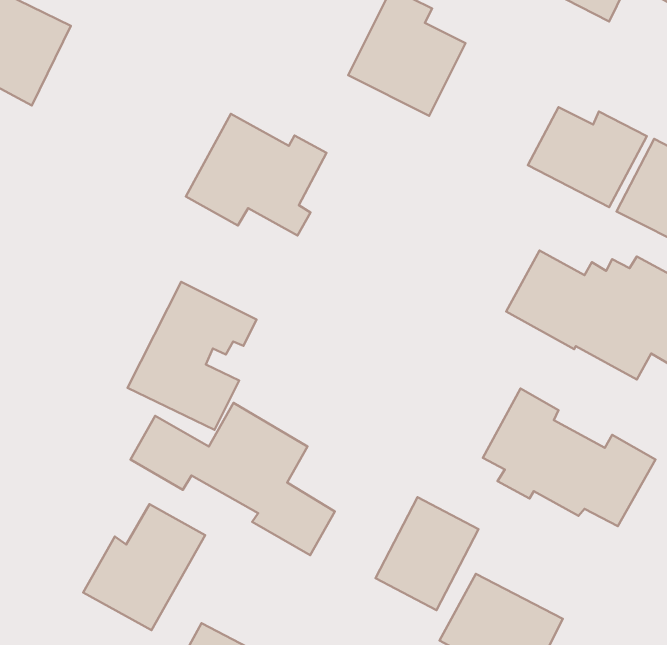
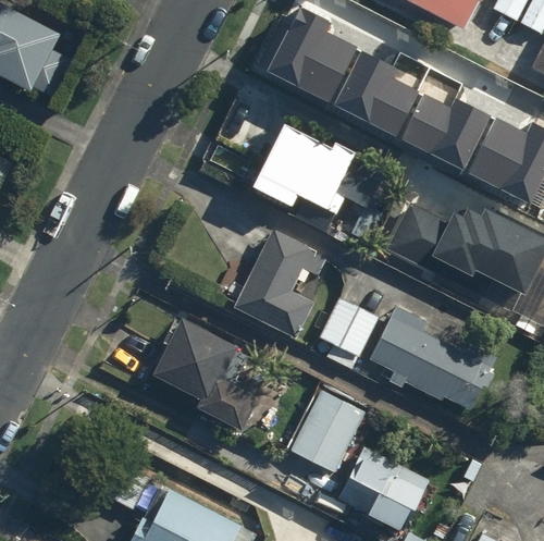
building: none -> [336,51,420,135]
building: [186,114,326,236] -> [251,122,357,213]
building: [127,282,256,430] -> [232,228,329,339]
building: none -> [313,297,379,368]
building: [83,504,205,630] -> none

